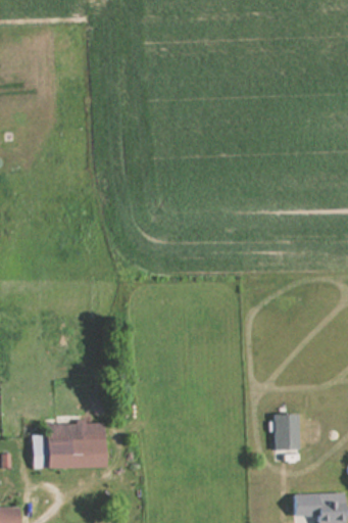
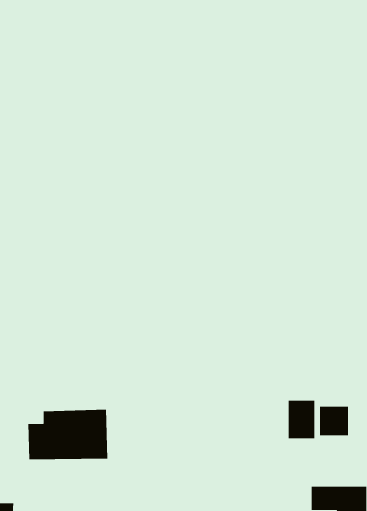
building: none -> [319,406,348,436]

